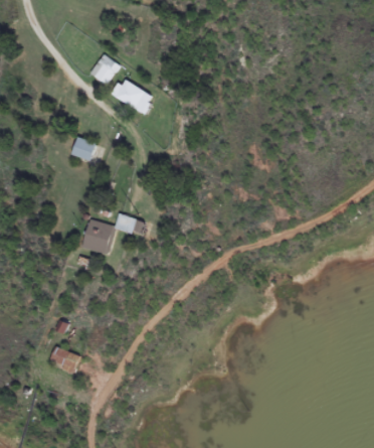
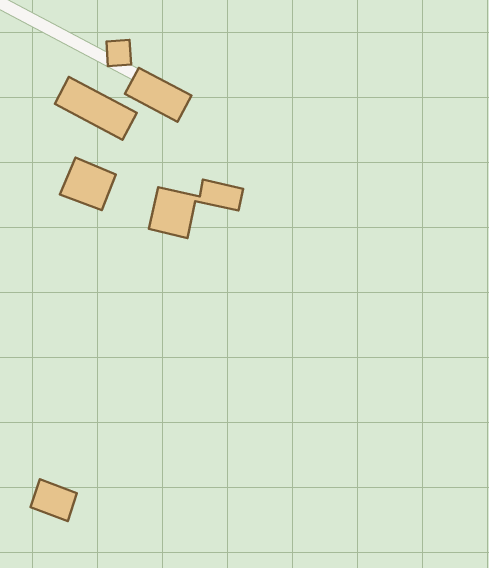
building: none -> [55,77,137,140]
building: [82,214,144,253] -> [149,179,243,238]

